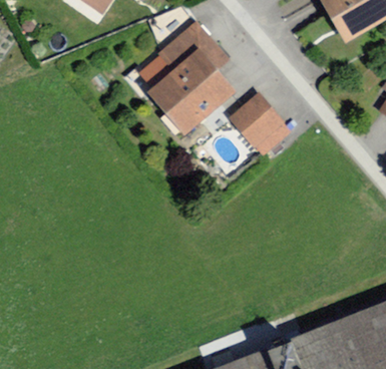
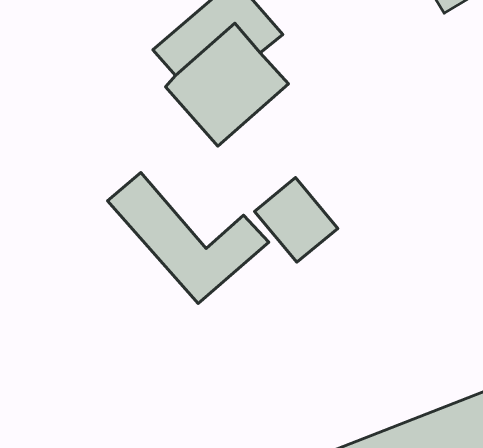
building: [230,95,289,155] -> [255,177,338,262]
building: none -> [108,173,269,304]

